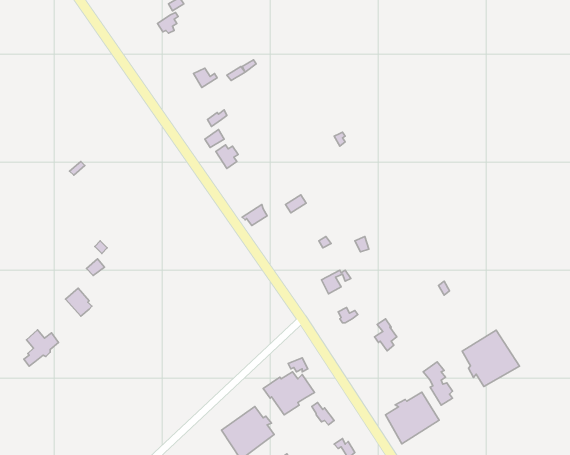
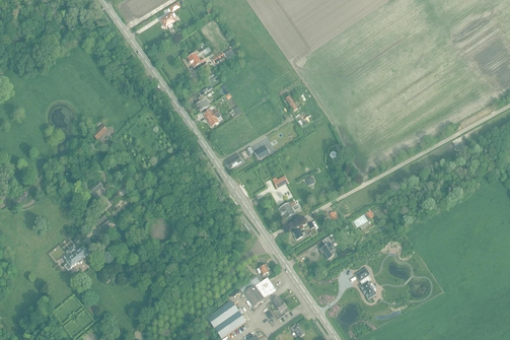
building: [462,330,520,387] -> none
building: [386,392,439,444] -> none

